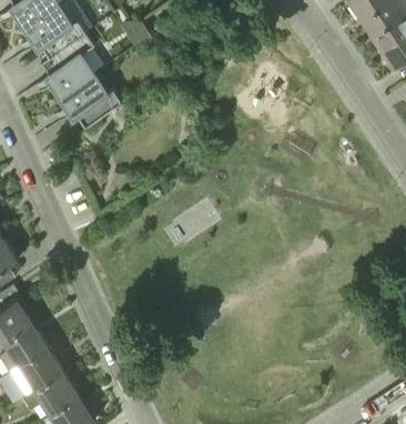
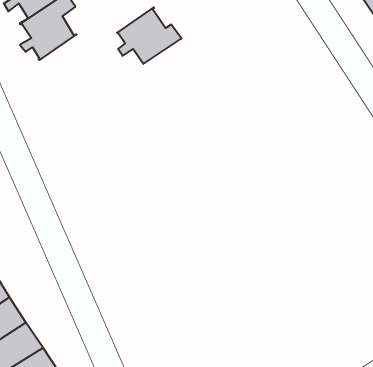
building: [60,72,122,127] -> [117,7,182,64]

